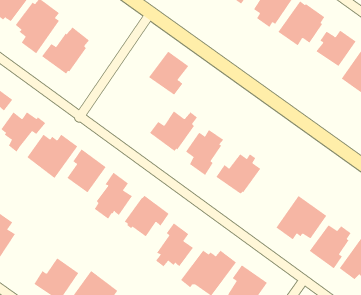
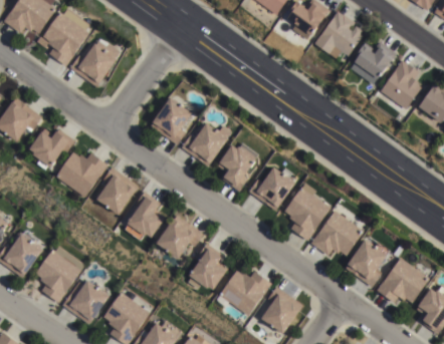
building: [148,51,189,96] -> [151,100,193,146]
building: none -> [286,185,331,242]
building: none -> [34,244,85,301]

